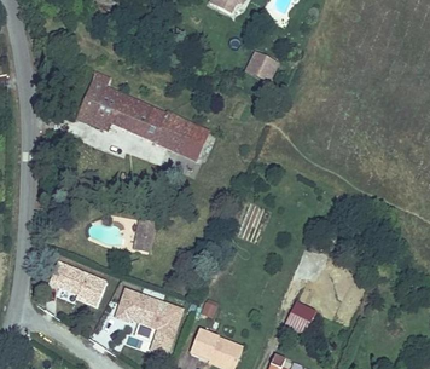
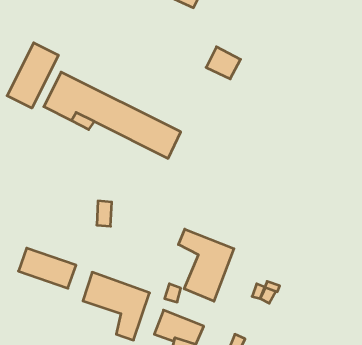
building: none -> [7,43,58,108]
building: none -> [178,229,234,301]

